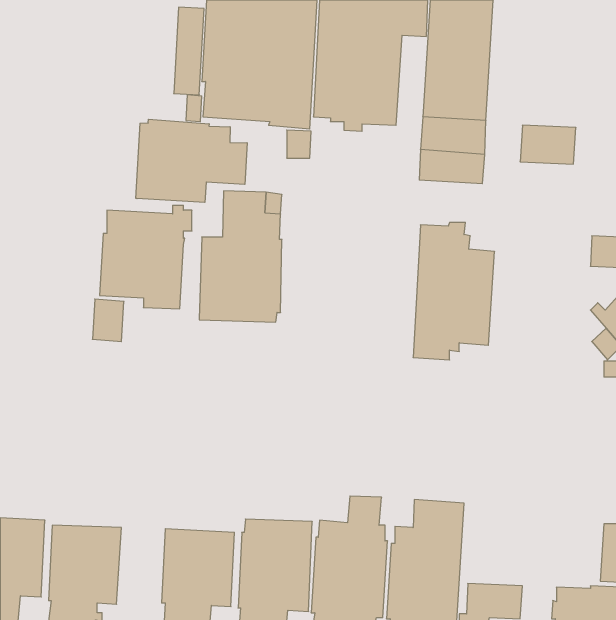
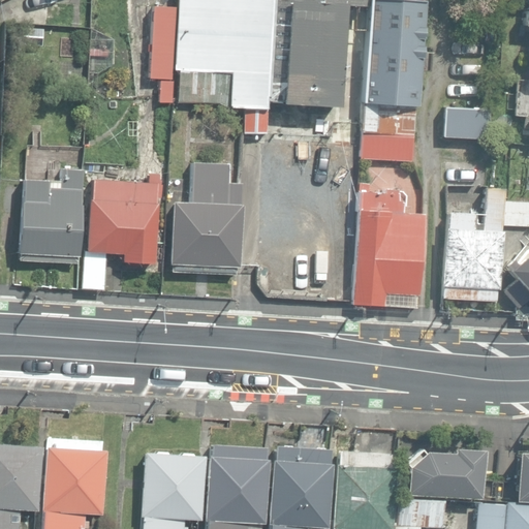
building: [136,119,247,202] -> none
building: none -> [23,168,86,263]
building: none -> [443,185,504,298]
building: none -> [407,445,486,498]

